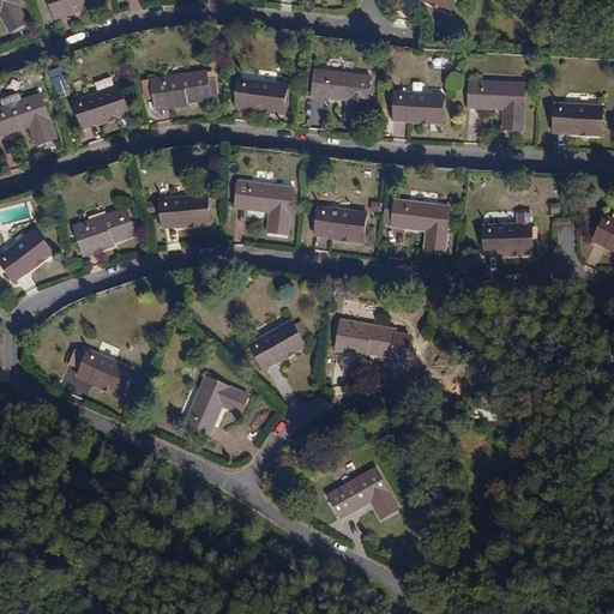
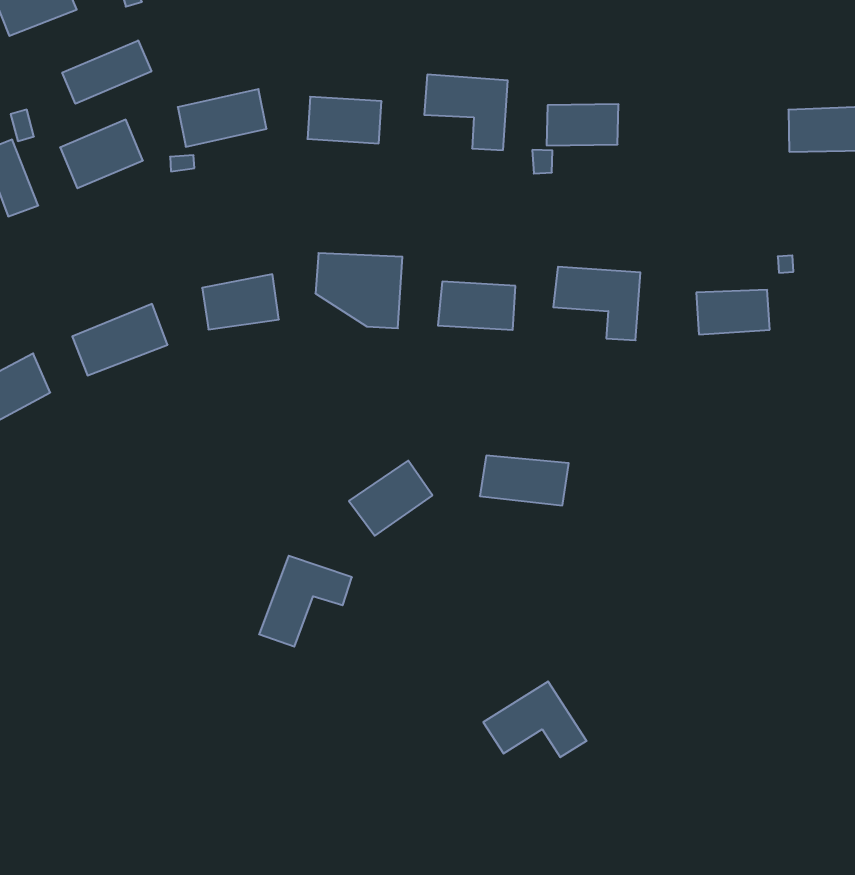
building: none -> [62,40,151,104]
building: [469,80,525,128] -> none
building: [78,353,131,396] -> none

